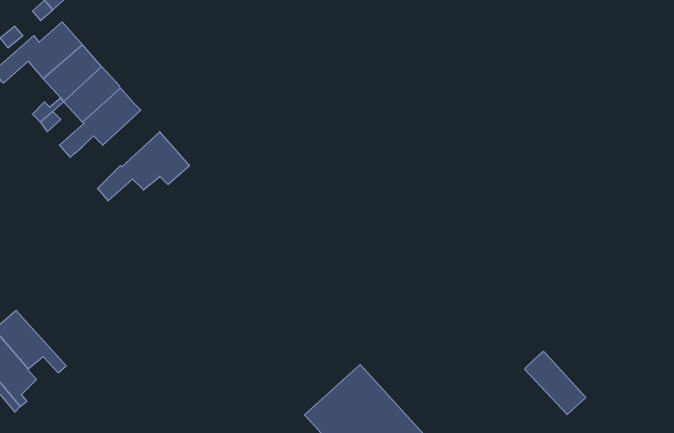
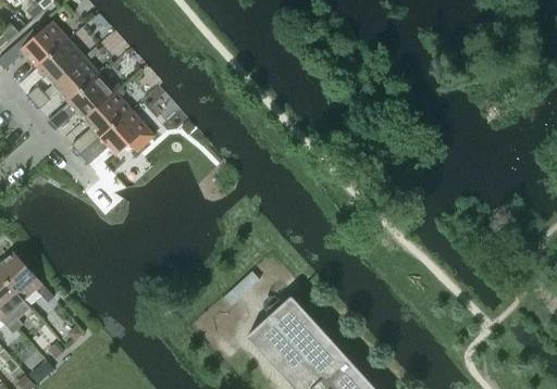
building: none -> [71,91,129,154]
building: [525,351,586,414] -> none

